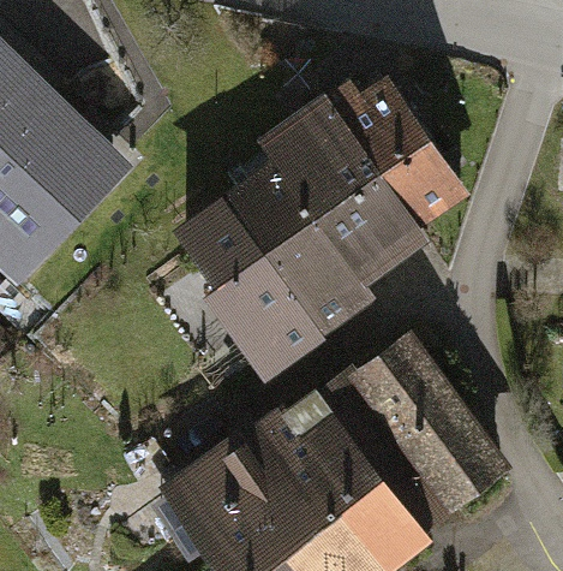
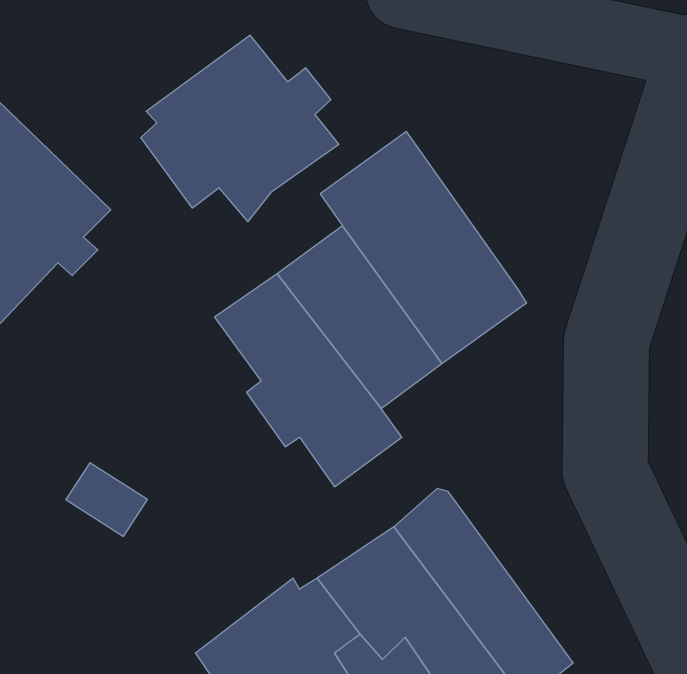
building: none -> [141,35,339,222]
building: [330,89,462,224] -> none
building: [361,345,499,504] -> none

